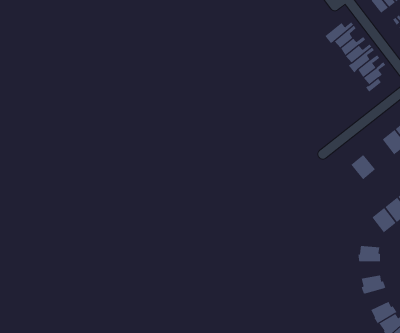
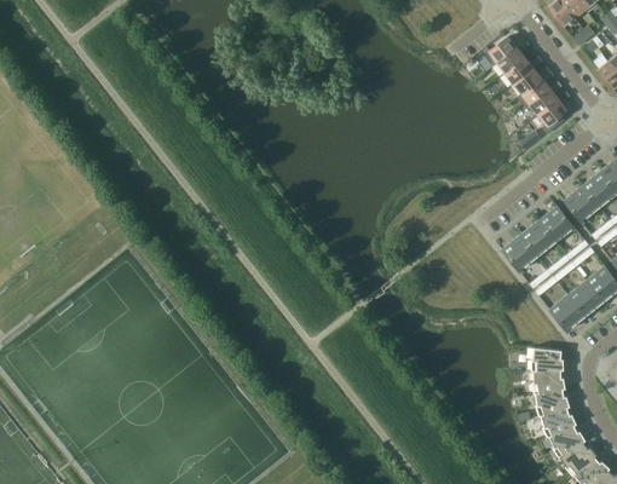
building: none -> [540,204,575,241]
building: none -> [502,235,538,271]
building: none -> [532,370,566,393]
building: none -> [541,408,577,437]

